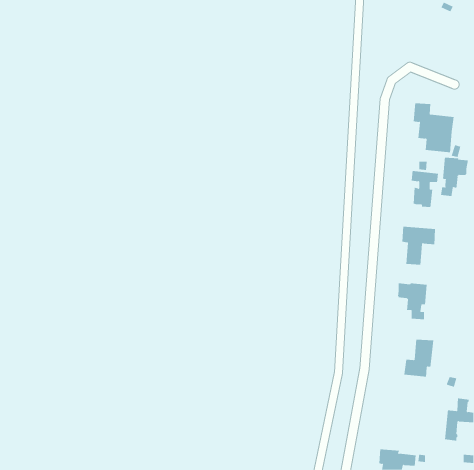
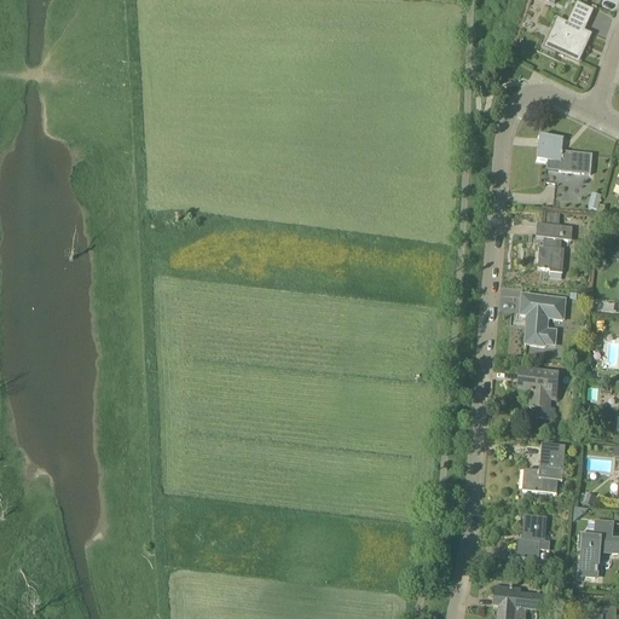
building: none -> [549,17,589,58]
building: [440,157,468,197] -> none
building: none -> [516,513,546,559]

